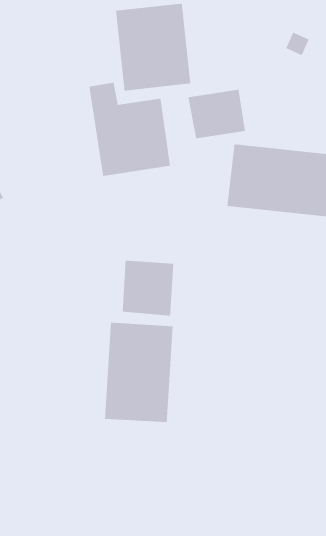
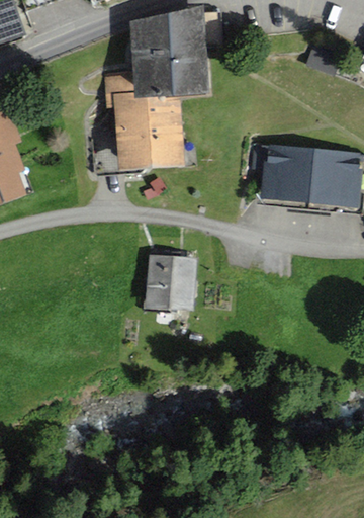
building: [188,89,246,139] -> none
building: [104,322,173,423] -> none

